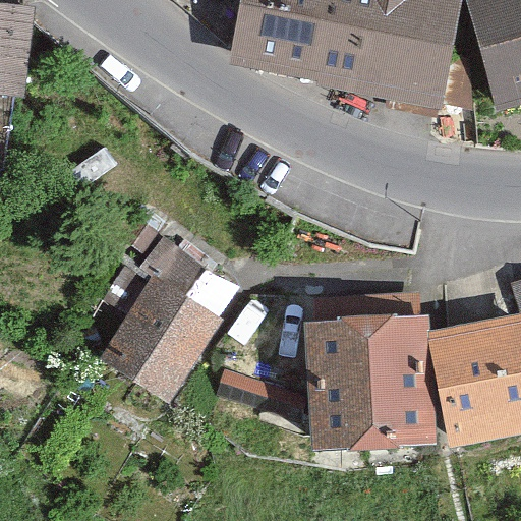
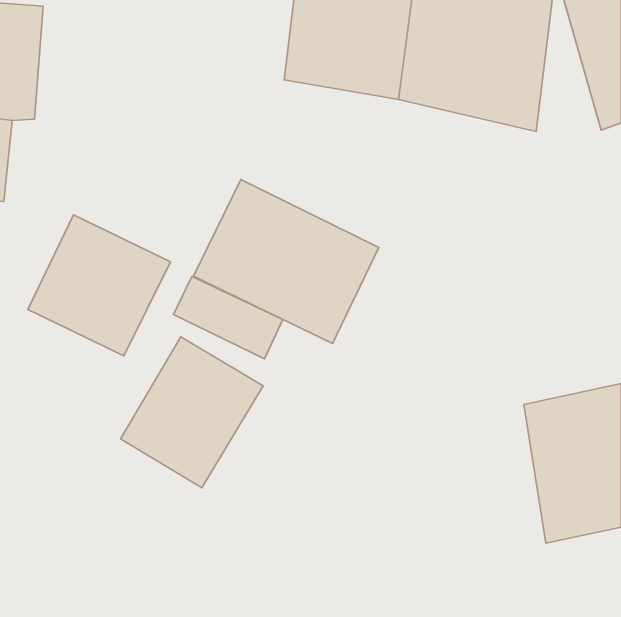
building: none -> [193,180,379,344]
building: none -> [28,215,171,356]
building: [313,294,433,448] -> none

